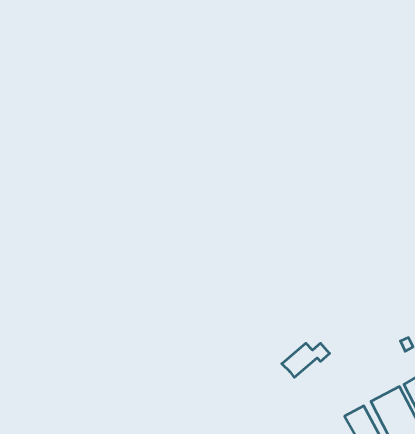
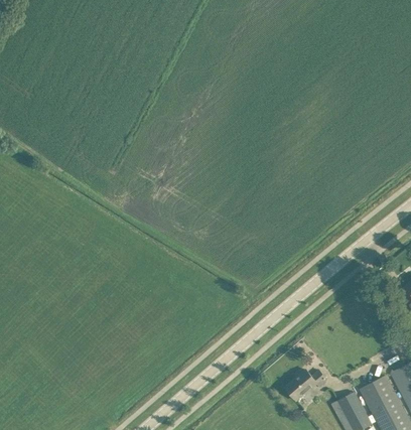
building: [282,343,330,377] -> [285,371,327,401]

